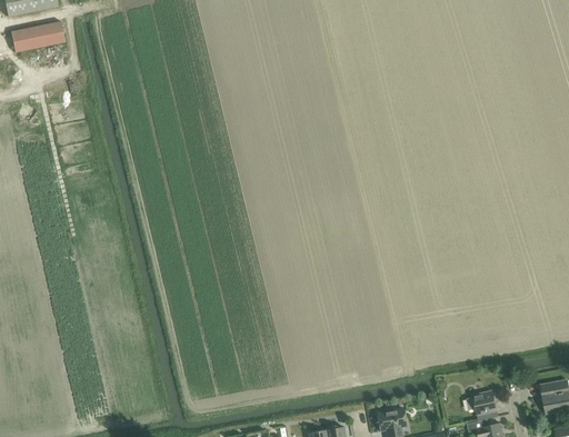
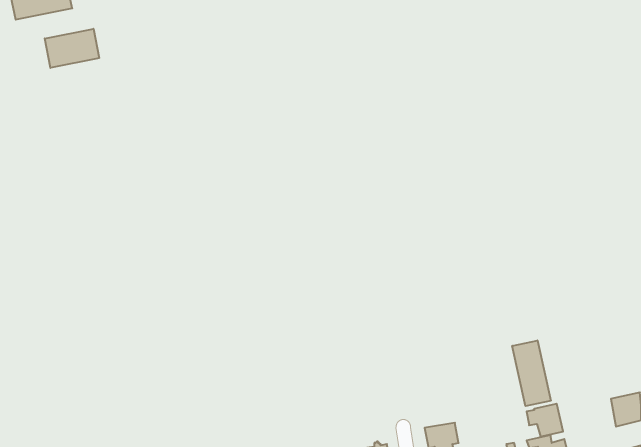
building: none -> [45,29,99,68]
building: none -> [512,340,551,406]

